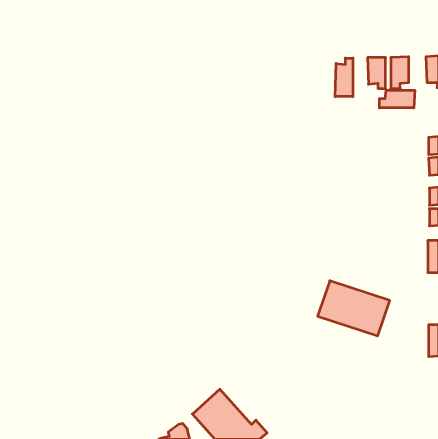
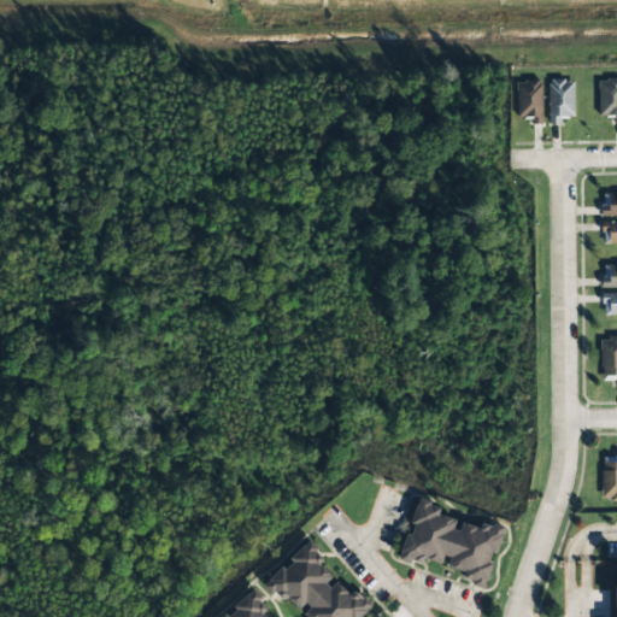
building: [335,58,353,97] -> none
building: [379,90,415,108] -> none
building: [318,281,390,336] -> [405,504,506,581]

